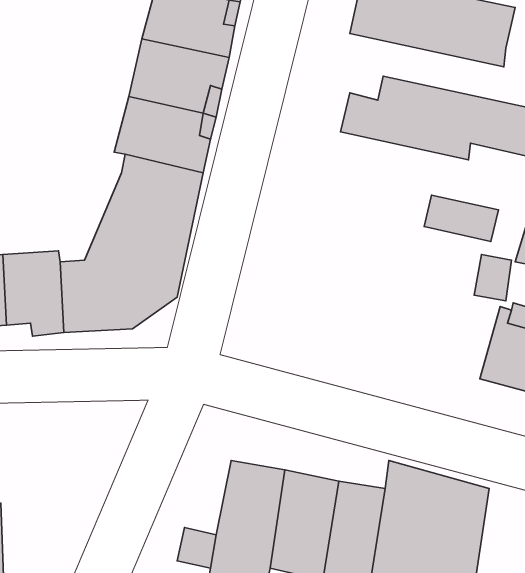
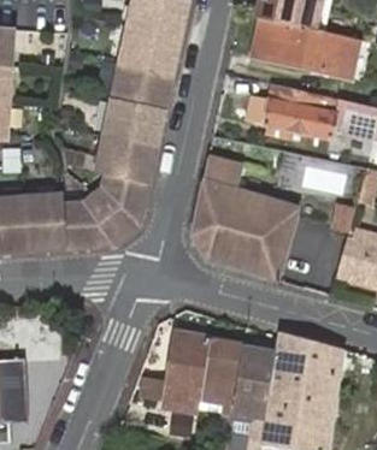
building: none -> [190,155,298,282]
building: none -> [305,221,338,268]

